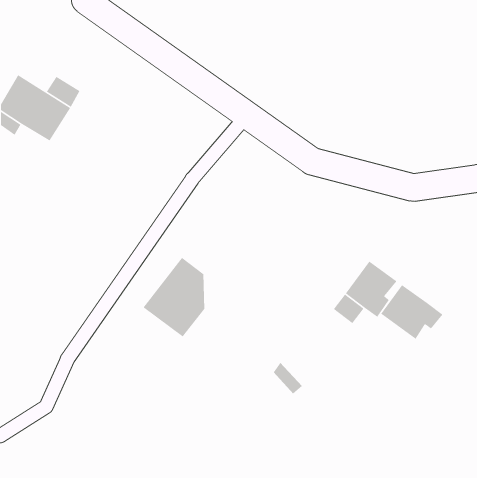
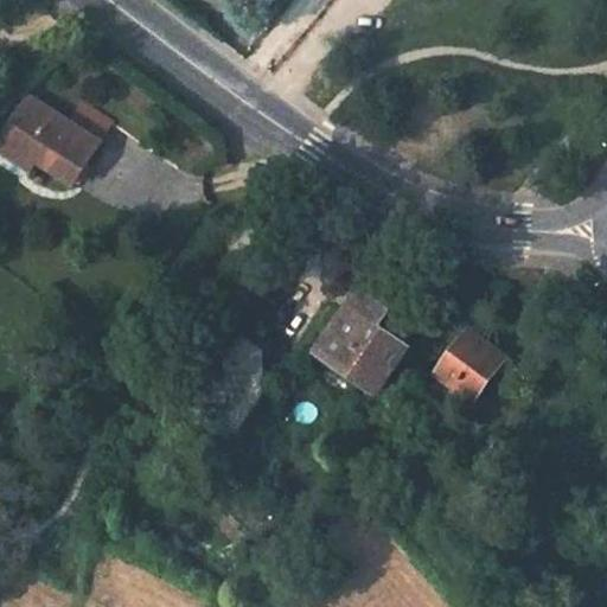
building: none -> [317,290,407,390]
building: [380,284,443,340] -> none

